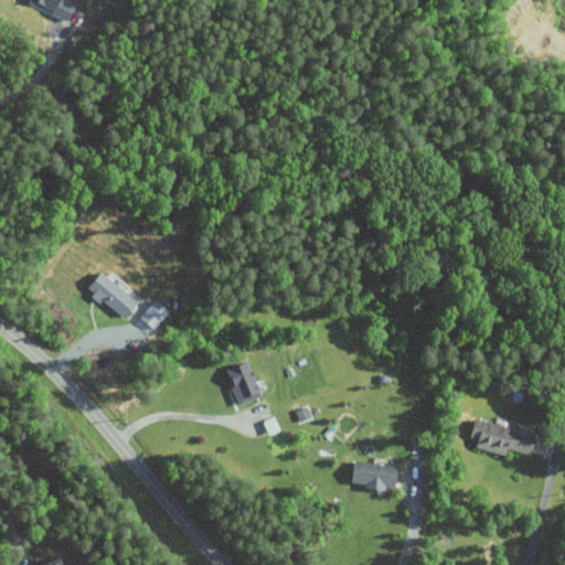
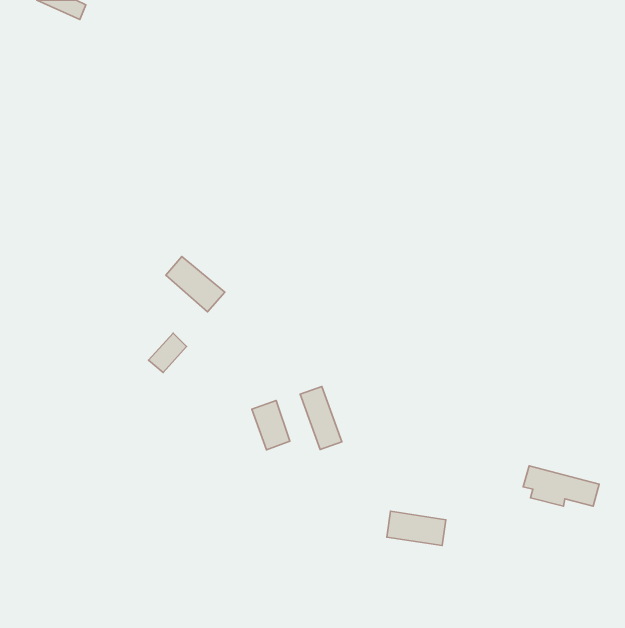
building: [86,269,139,319] -> [166,257,225,312]
building: none -> [300,387,342,449]

